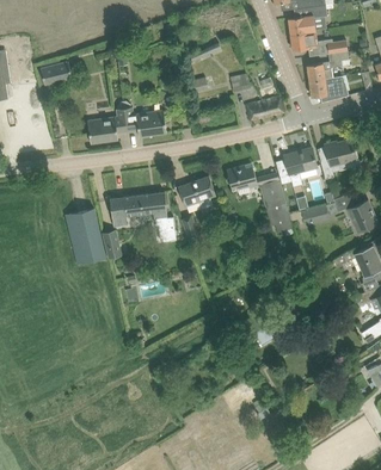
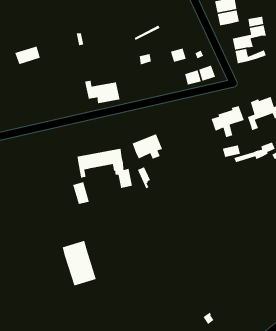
building: [87,109,128,144] -> none
building: [226,166,291,233] -> none
building: [66,209,106,265] -> [62,240,97,286]

